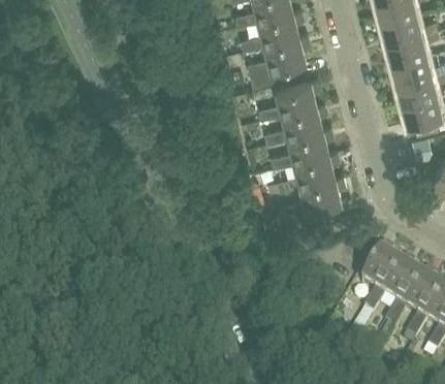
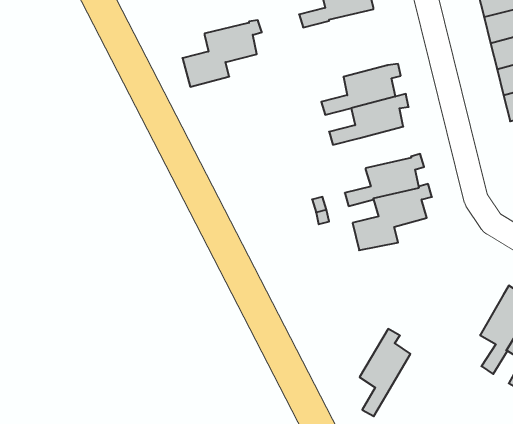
building: [247,35,310,88] -> [182,20,262,87]
building: [271,128,333,169] -> none
building: [362,244,403,313] -> [360,329,410,416]

